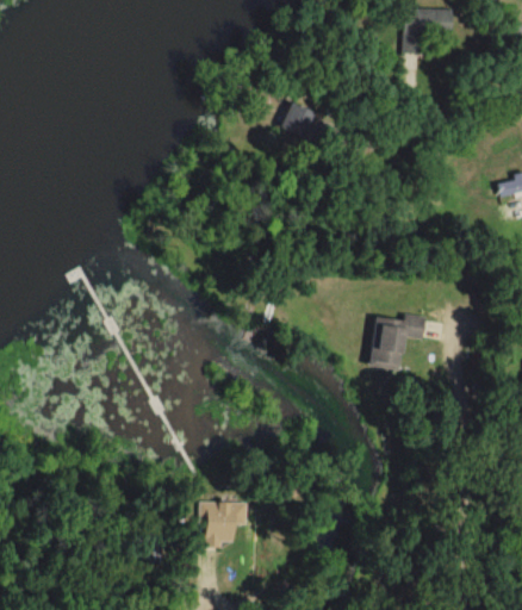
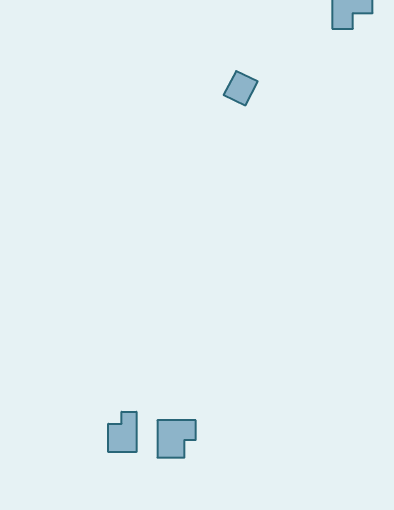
building: [368,312,425,371] -> none
building: none -> [108,412,136,452]

